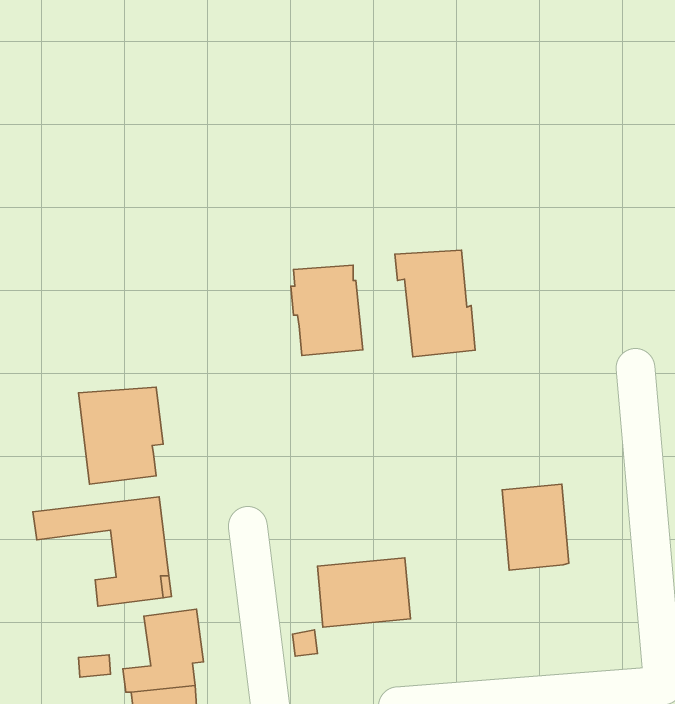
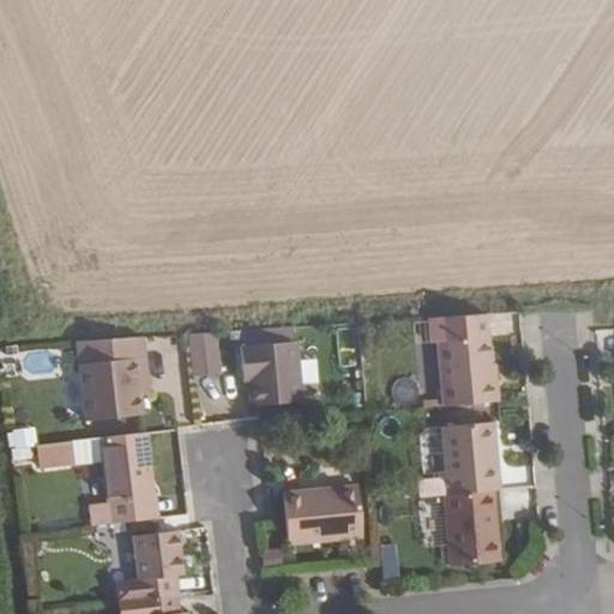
building: [395,250,475,357] -> [428,314,498,407]
building: [291,265,363,355] -> [240,327,302,405]
building: none -> [187,332,221,375]
building: none -> [443,490,500,566]

